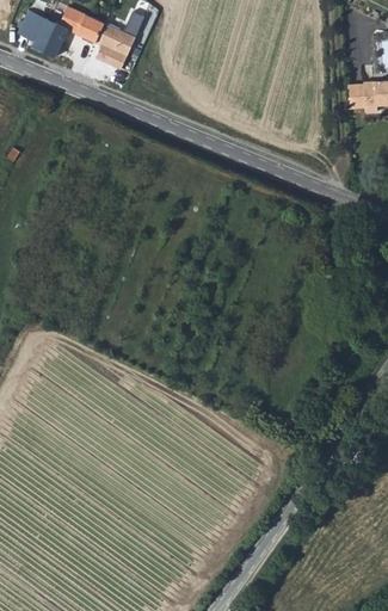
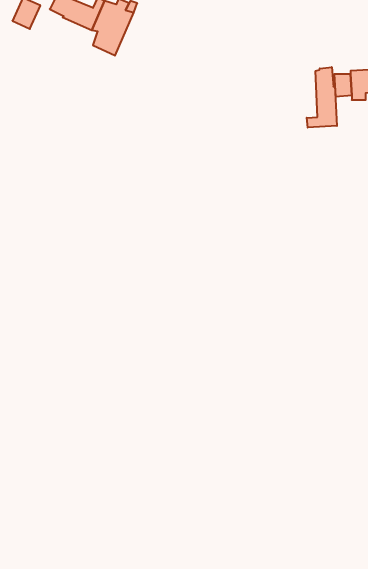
building: [32,18,68,56] -> none
building: none -> [307,67,337,128]

